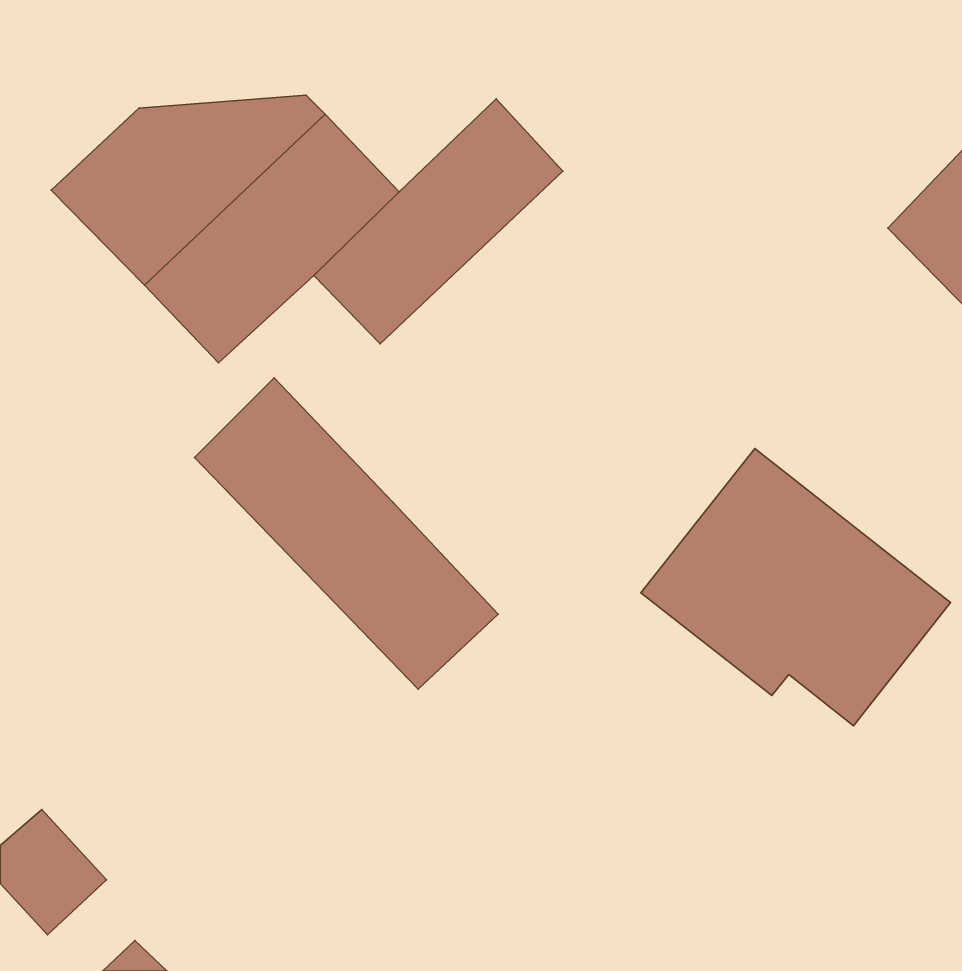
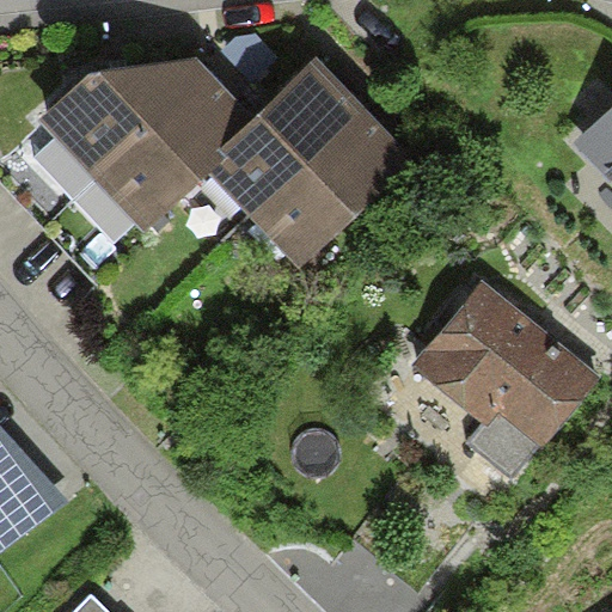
building: none -> [245,108,409,268]
building: [194,378,498,689] -> none

